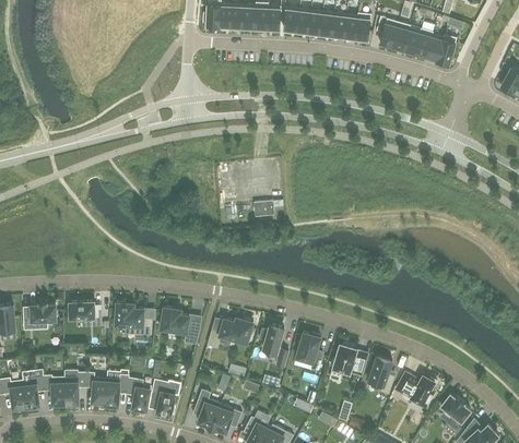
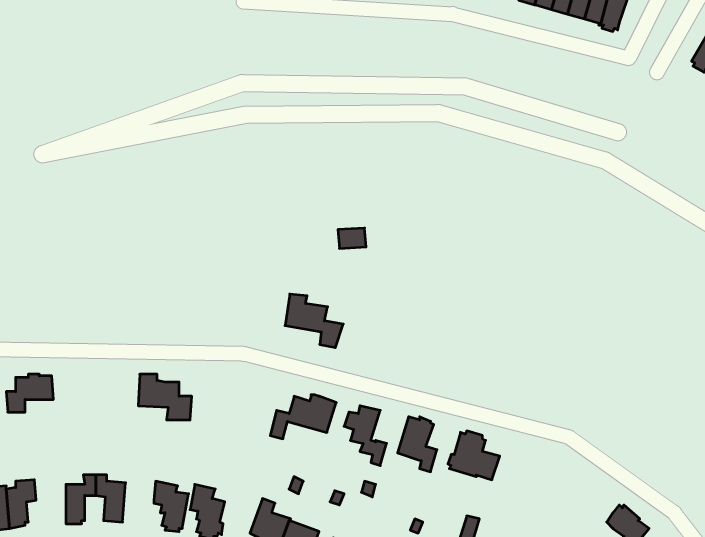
building: [68,301,102,326] -> none
building: [160,308,200,345] -> [285,294,343,348]
building: [367,356,394,394] -> none
building: [104,370,128,408] -> none
building: [394,373,436,407] -> none
building: [43,375,64,407] -> none

